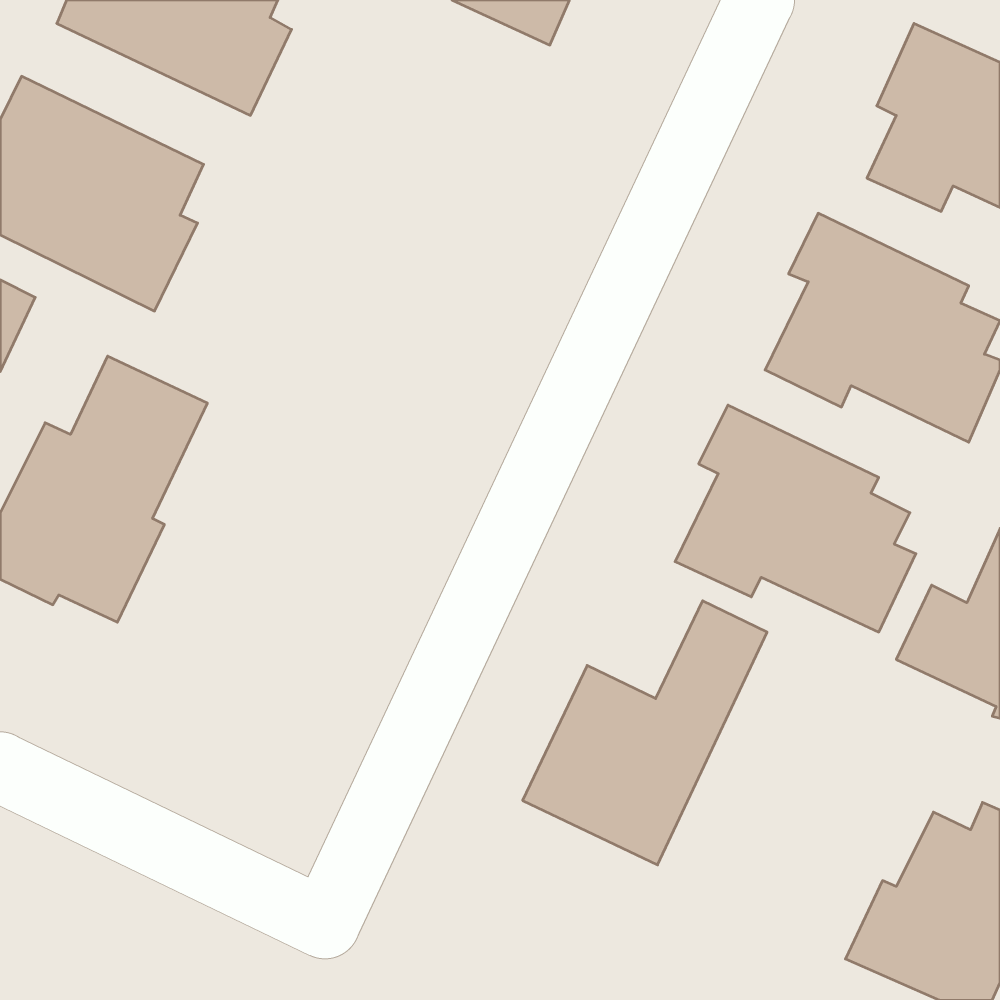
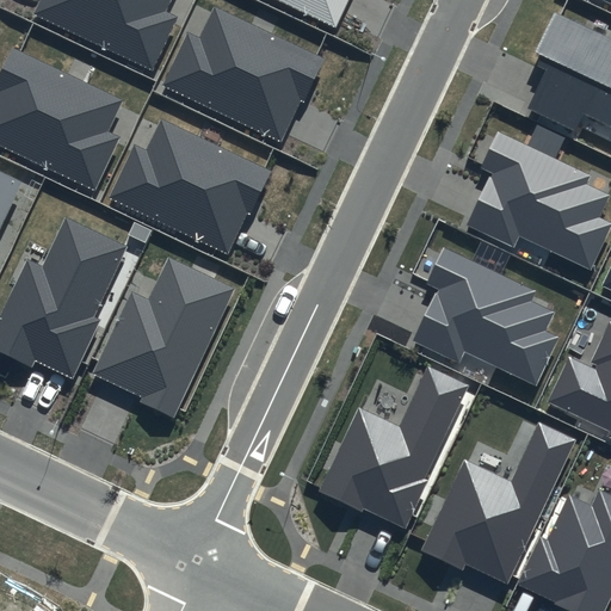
building: none -> [162,8,326,143]
building: none -> [109,119,272,255]
building: none -> [93,255,237,418]
building: none -> [421,422,575,584]

